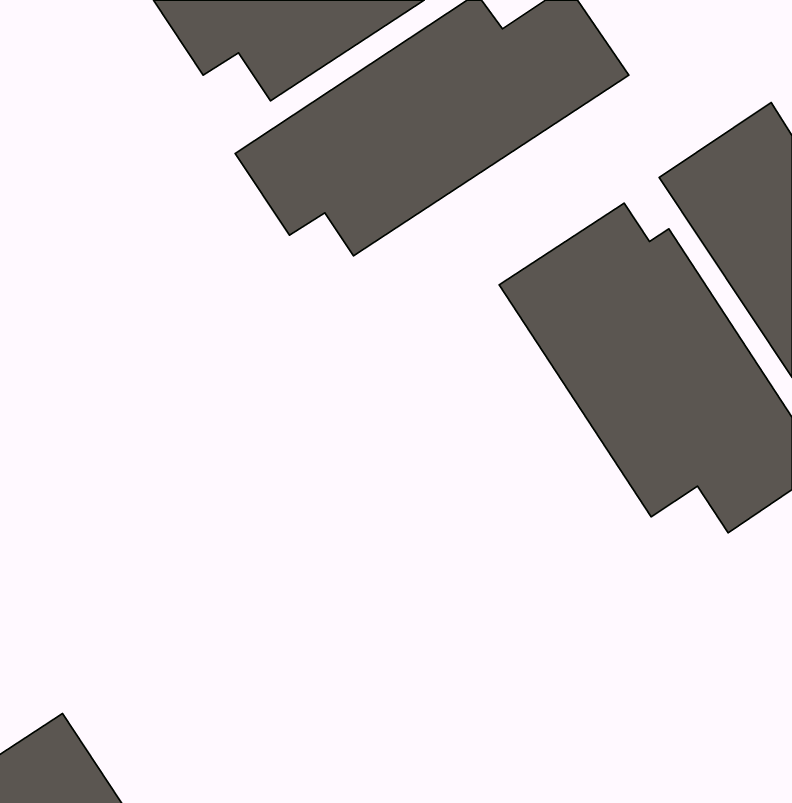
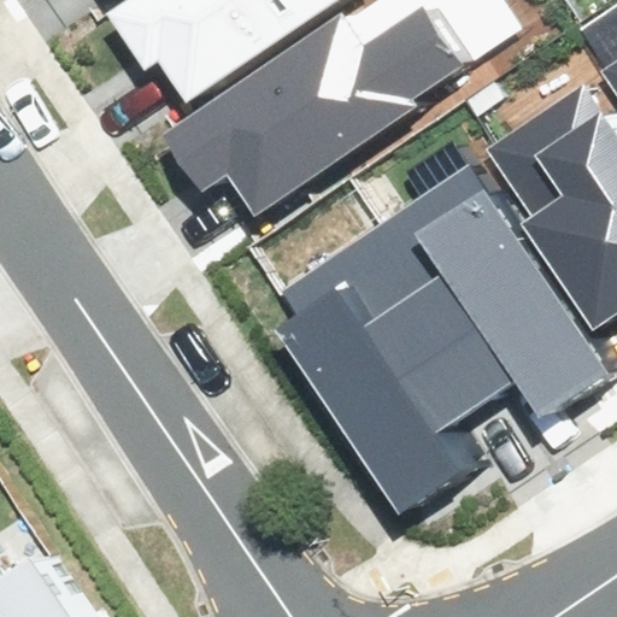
building: none -> [281,225,490,503]

